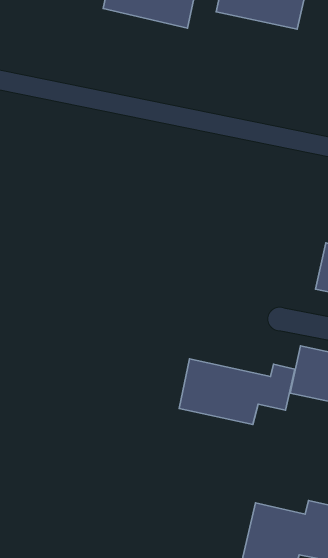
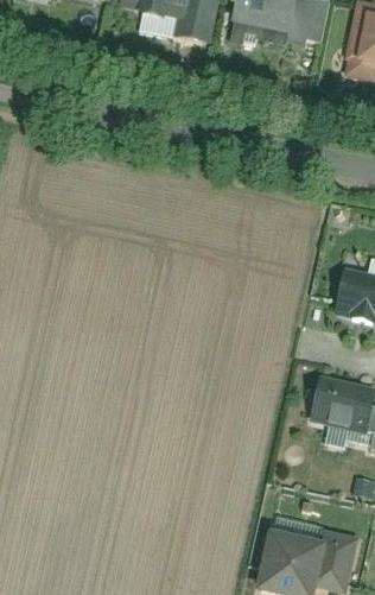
building: [179,359,295,425] -> none

